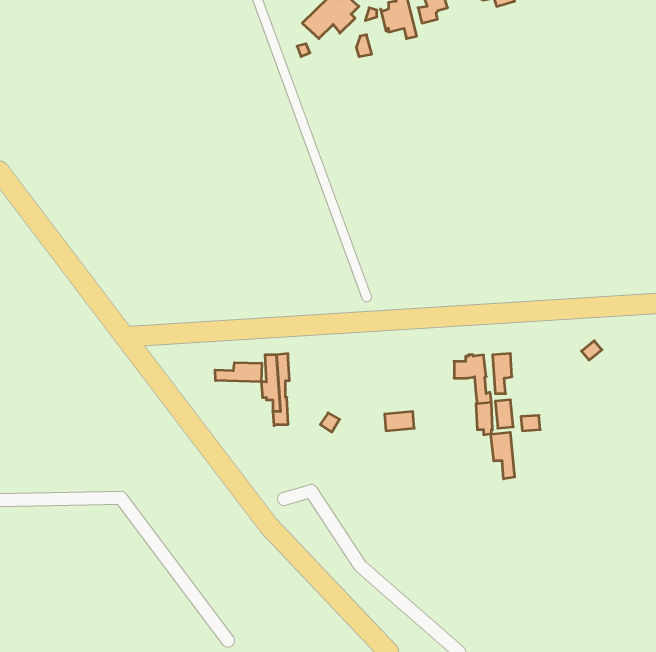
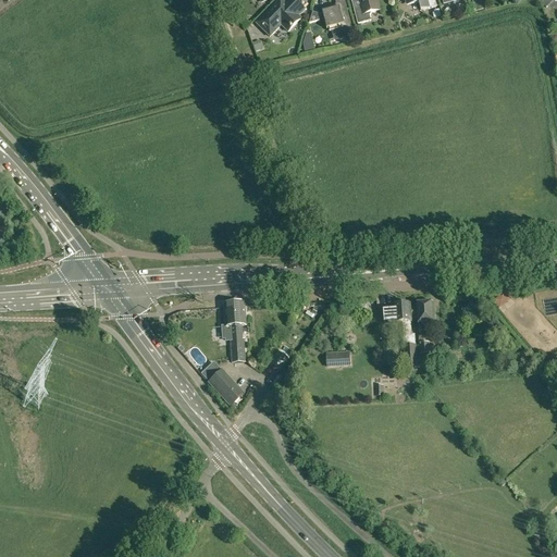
building: [215,363,262,382] -> none
building: [491,432,515,479] -> none
building: none -> [208,367,242,403]

